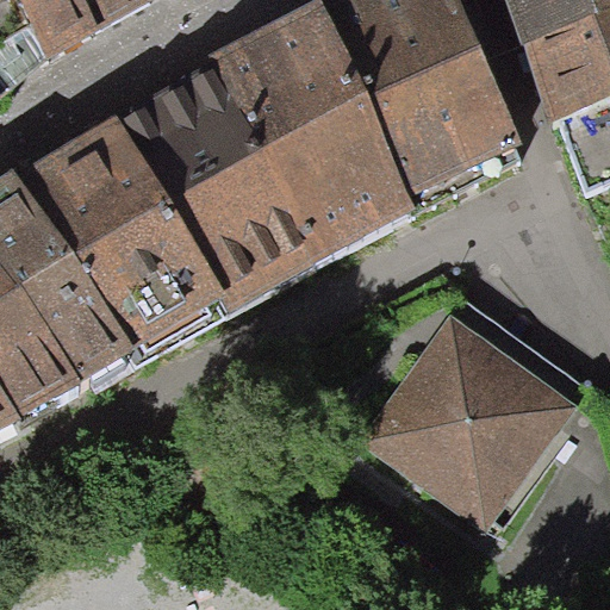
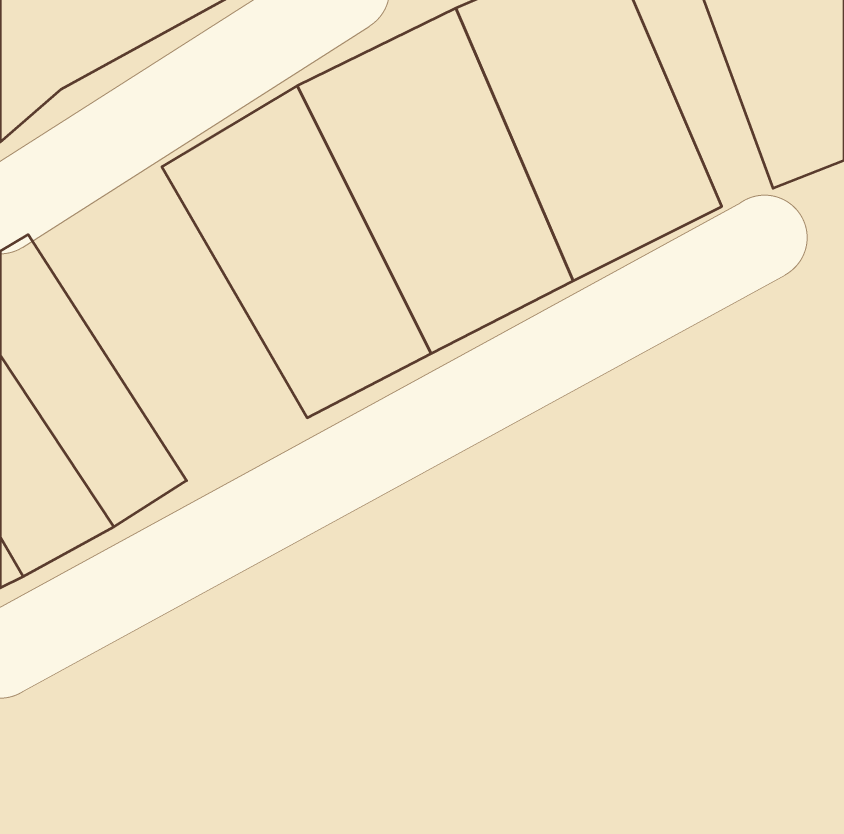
building: [20,120,222,347] -> none
building: [365,318,574,527] -> none

